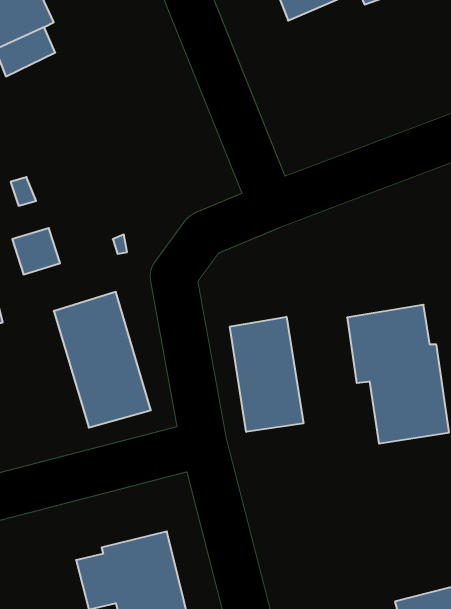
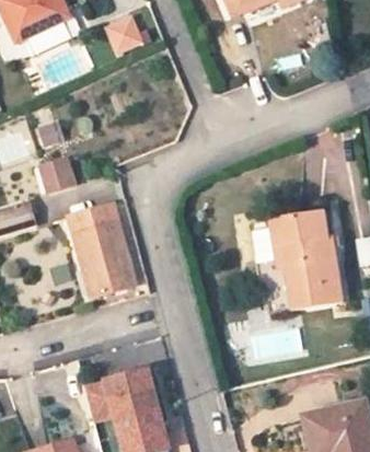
building: none -> [105,16,147,57]
building: [230,317,303,432] -> none

